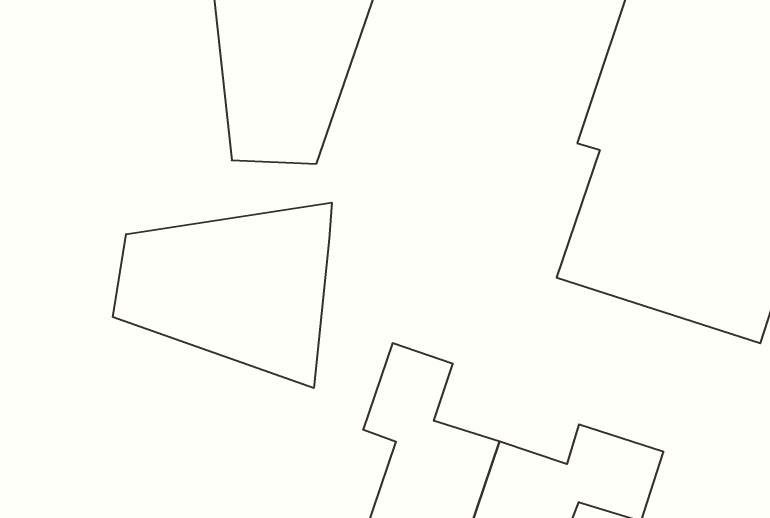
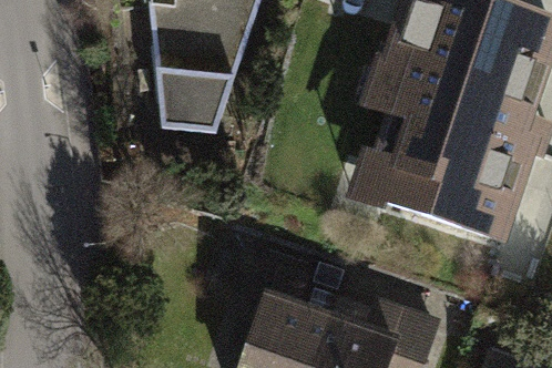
building: [113,203,332,388] -> none

